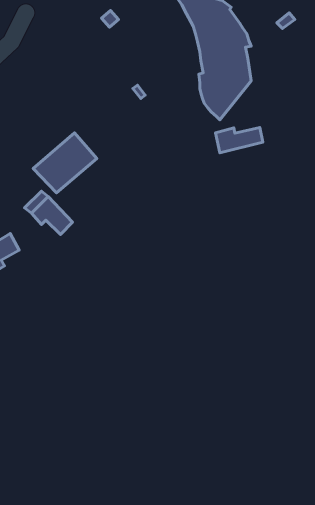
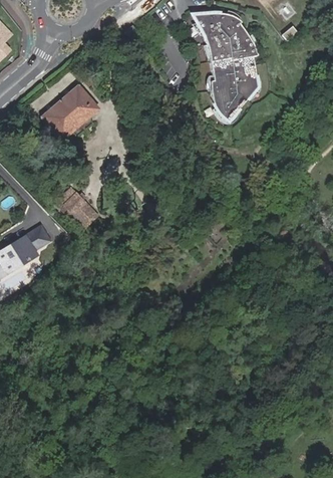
building: [216,127,263,153] -> none
building: [33,133,97,193] -> [40,84,97,139]

